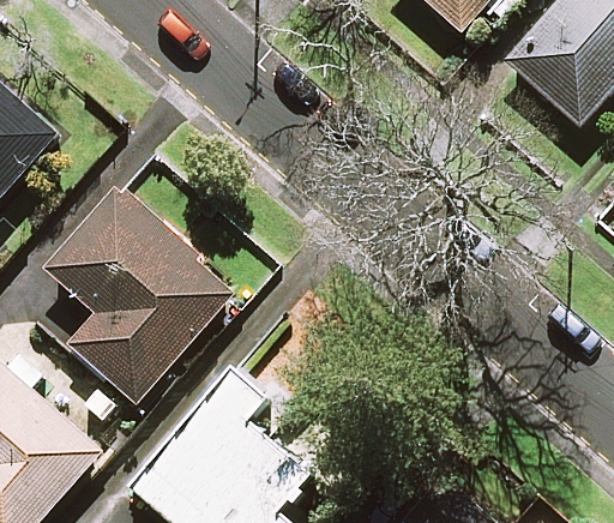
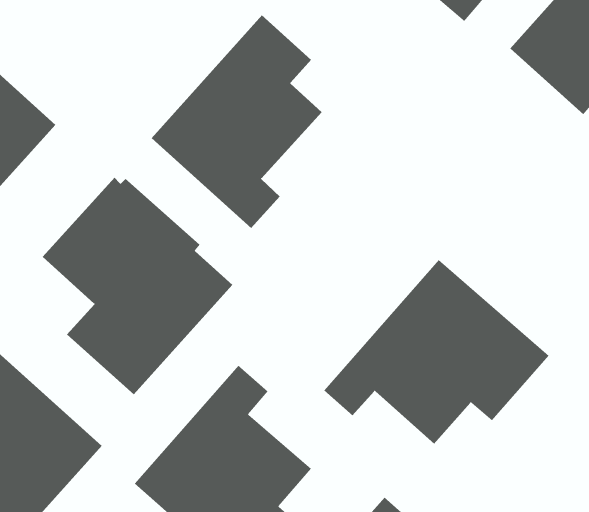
building: none -> [151,14,323,229]
building: none -> [323,259,550,444]

